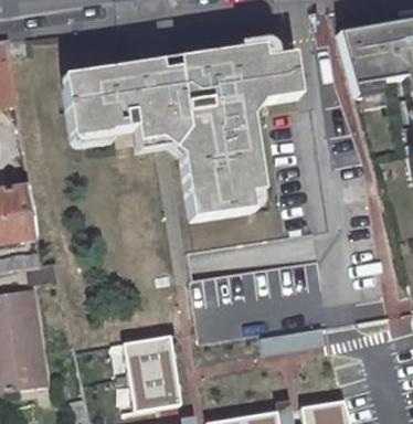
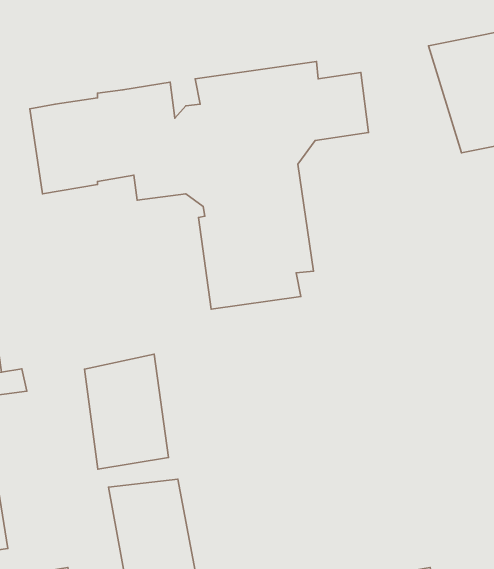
building: none -> [84,354,169,469]

